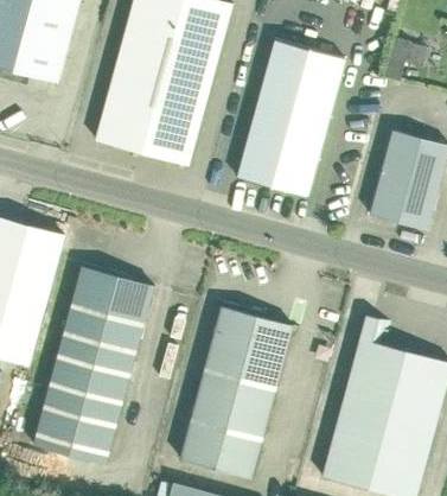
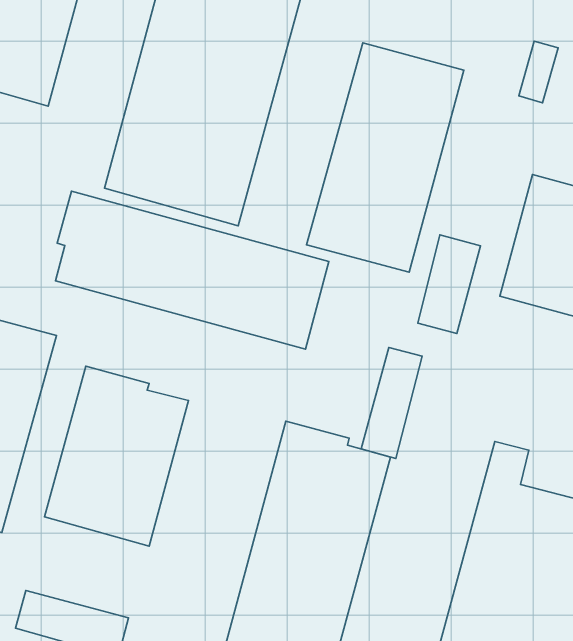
building: none -> [56,191,329,349]
building: none -> [418,235,480,333]
building: none -> [361,347,422,458]
building: [41,367,127,437] -> none

